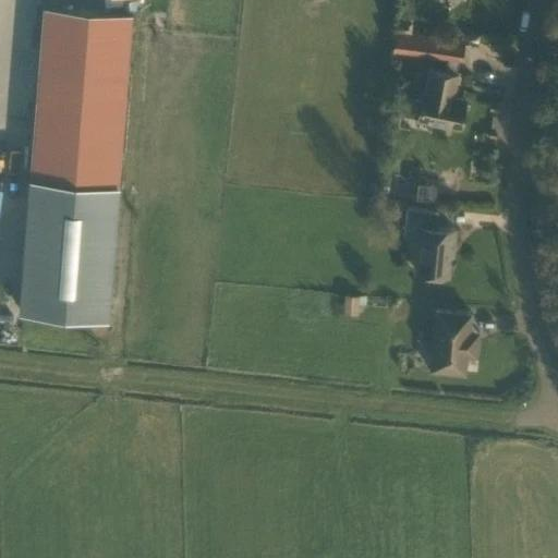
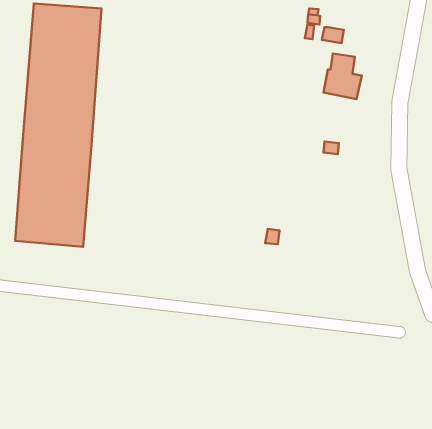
building: [404,211,457,280] -> none
building: [430,314,480,378] -> none

